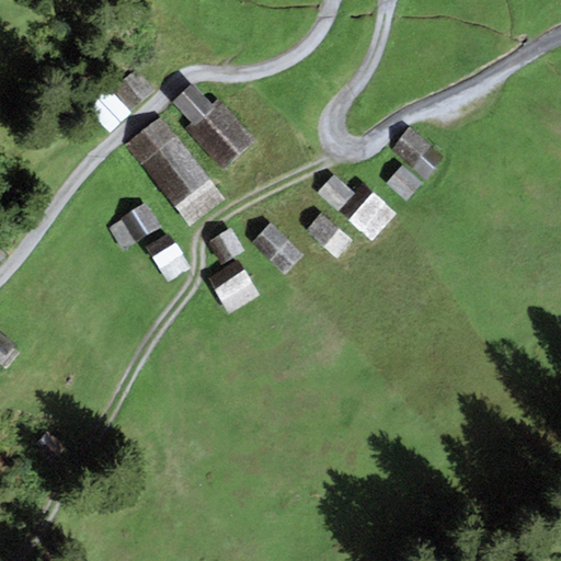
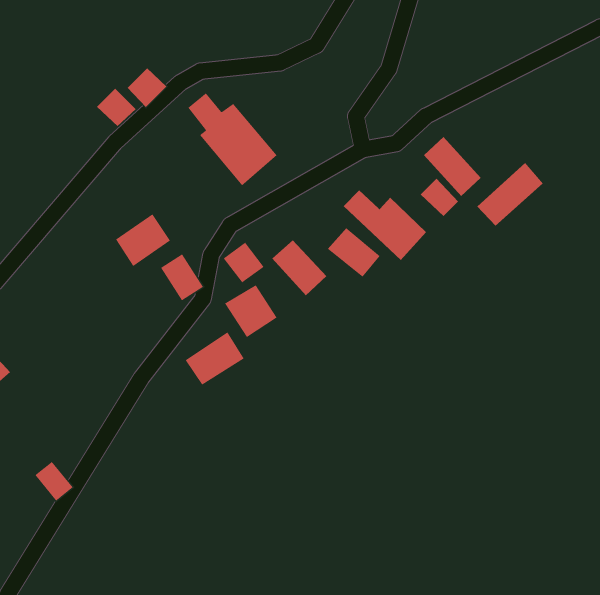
building: [122,112,225,225] -> none
building: none -> [477,162,544,227]
building: none -> [185,332,245,386]

